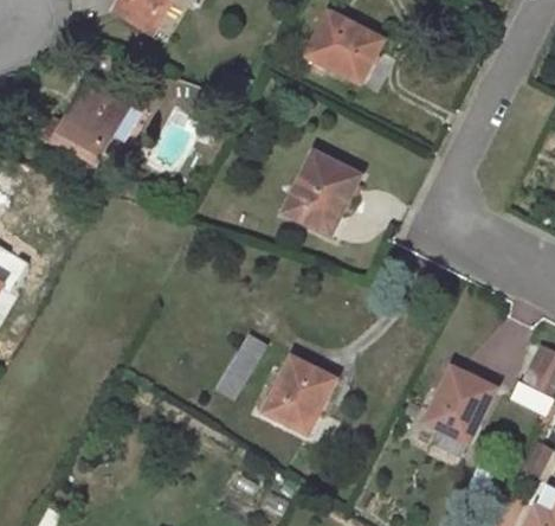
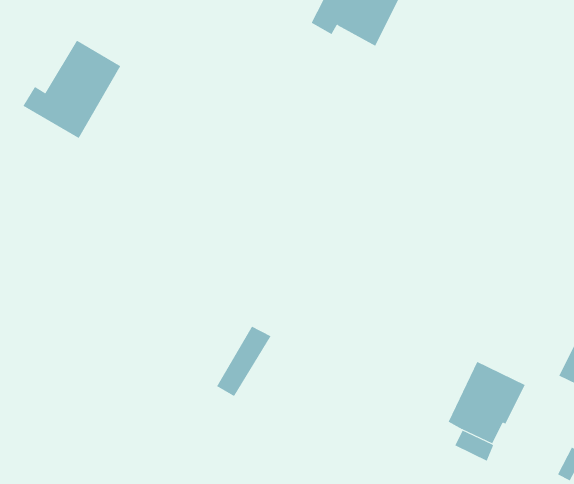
building: [284,152,361,233] -> none
building: [265,355,336,432] -> none

